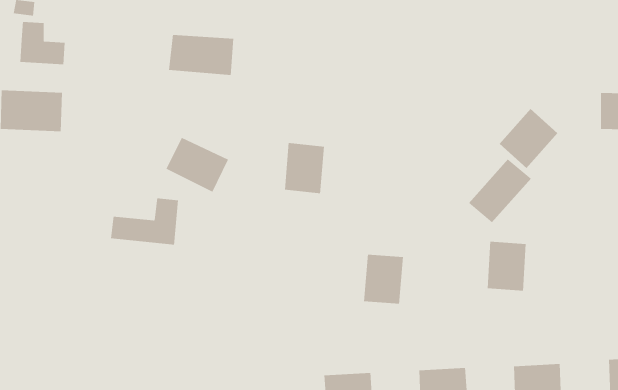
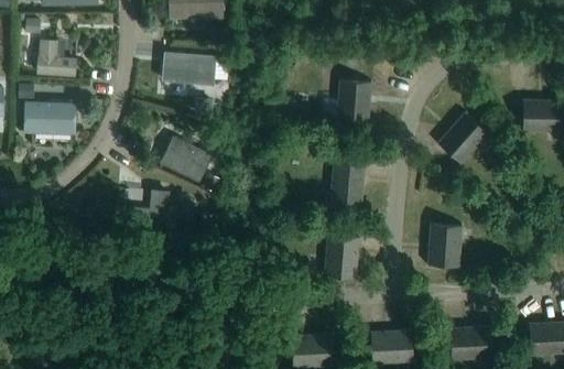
building: none -> [337,80,371,123]
building: [284,143,325,194] -> [330,162,365,205]
building: [468,158,532,223] -> none

